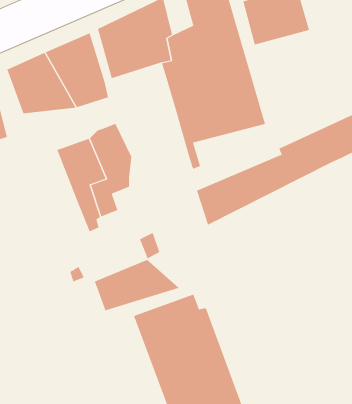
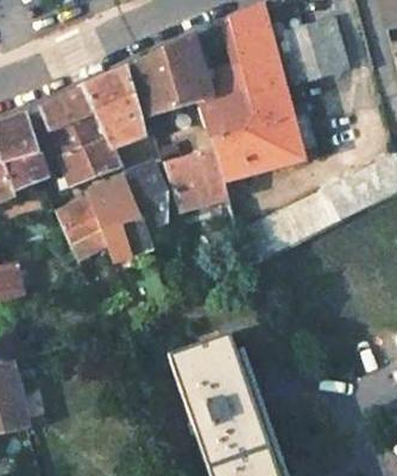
building: none -> [163,144,226,214]
building: none -> [56,146,119,184]
building: none -> [56,189,111,255]
building: [94,259,180,311] -> none

